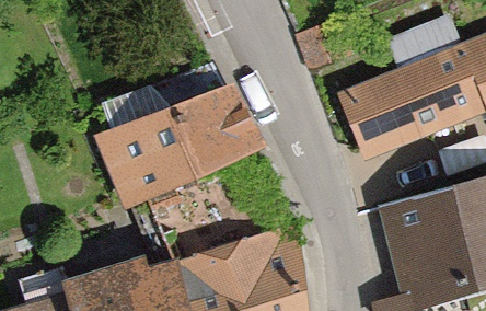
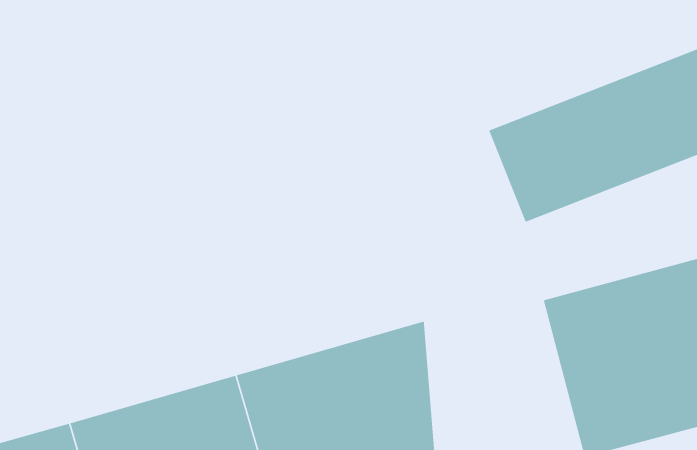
building: [93,80,254,205] -> none

